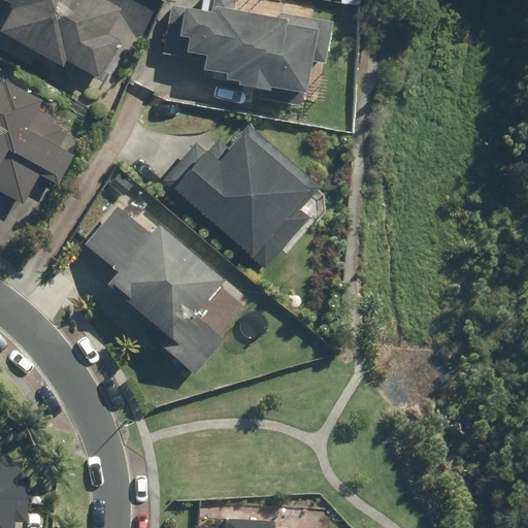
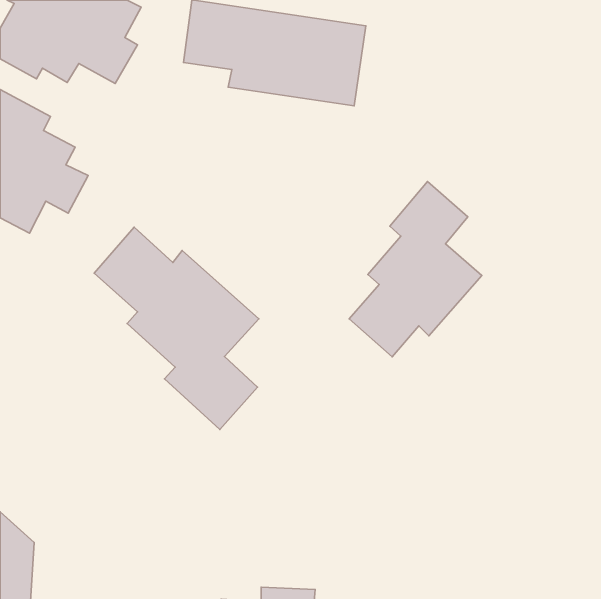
building: [163,123,319,259] -> none
building: none -> [349,182,482,357]

